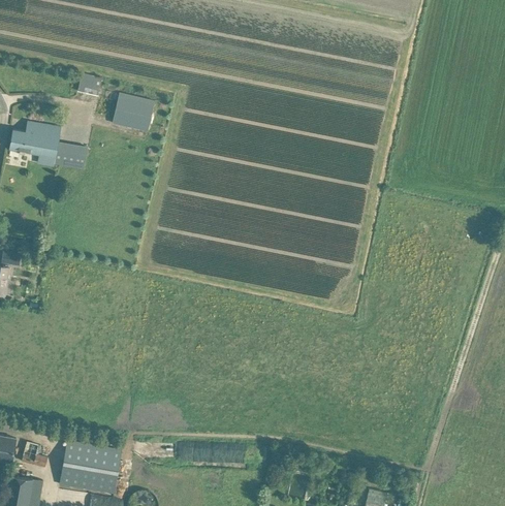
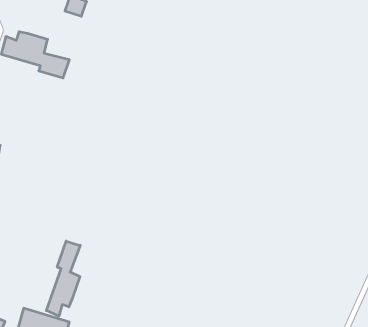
building: [113,93,155,132] -> none
building: none -> [46,241,80,316]

